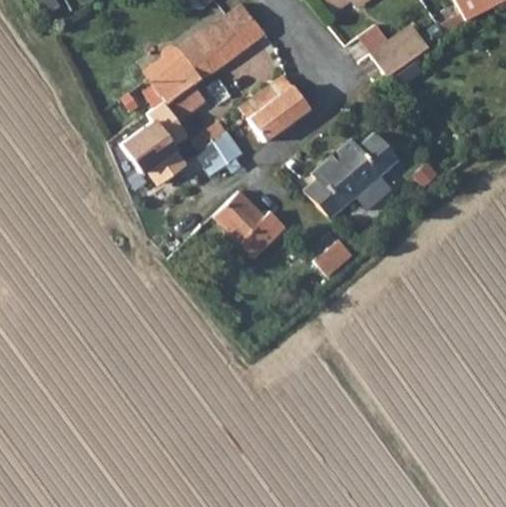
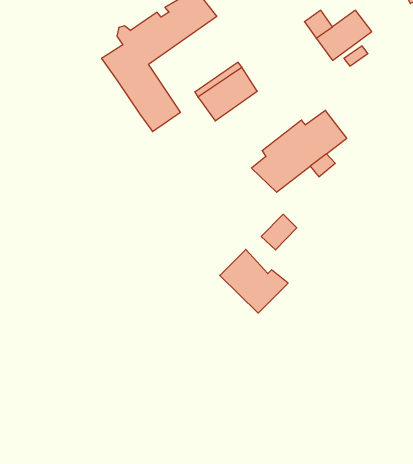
building: [126,100,186,185] -> none
building: [196,132,241,174] -> none
building: [214,190,286,257] -> [220,249,288,313]

